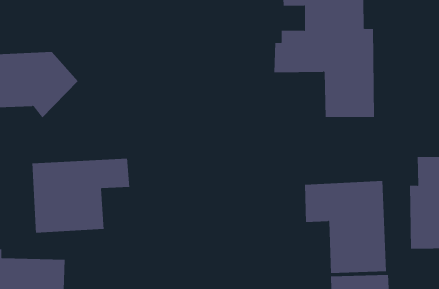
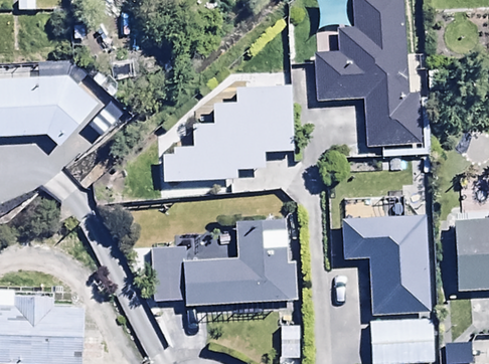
building: none -> [161,85,296,180]
building: [32,158,130,233] -> none
building: none -> [153,212,297,306]

